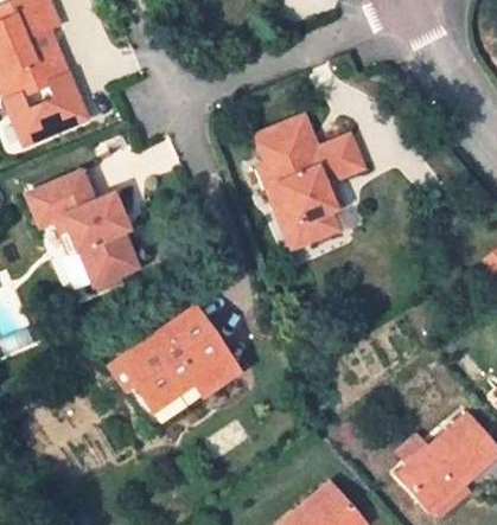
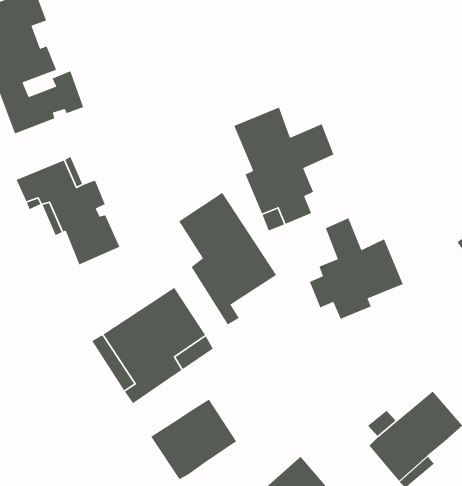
building: none -> [178,192,277,325]
building: none -> [309,217,404,320]
building: none -> [150,398,237,480]

